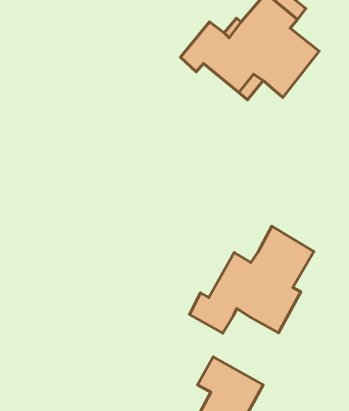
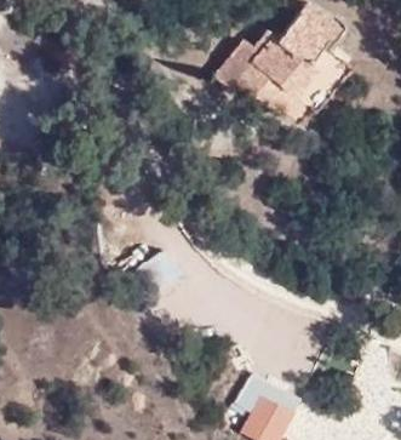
building: [190,226,314,333] -> none

